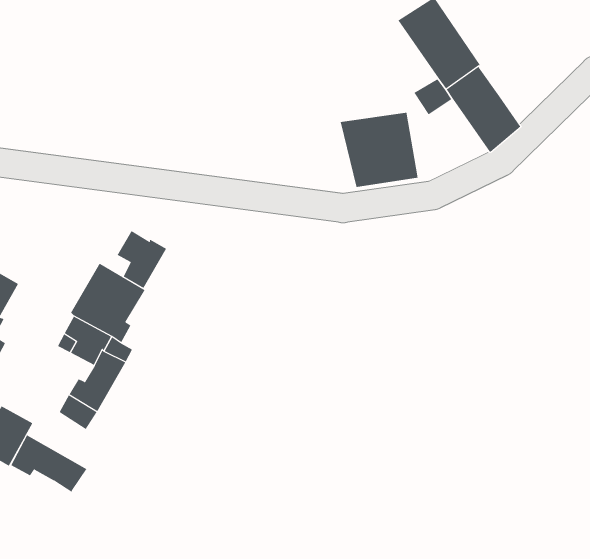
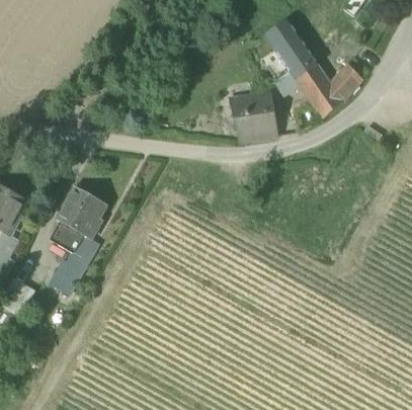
building: none -> [329,62,362,100]
building: [117,230,167,289] -> none
building: [10,435,87,493] -> none

